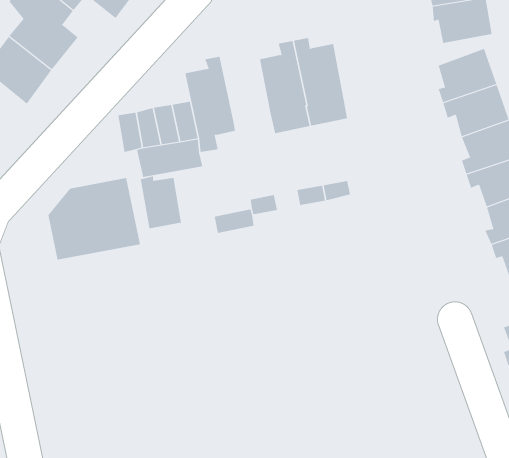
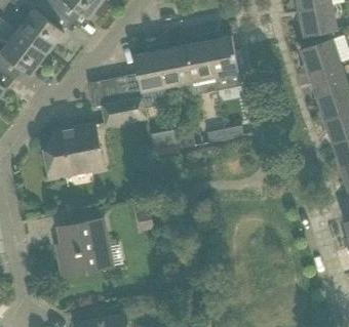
building: none -> [157,42,190,87]
building: [140,176,181,229] -> none
building: none -> [59,218,114,277]

